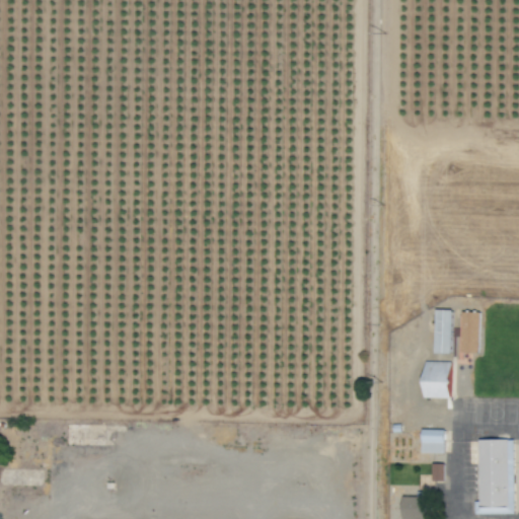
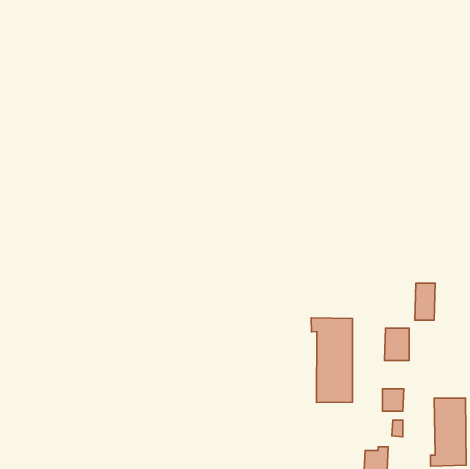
building: [434,310,452,355] -> none
building: none -> [311,318,352,403]

